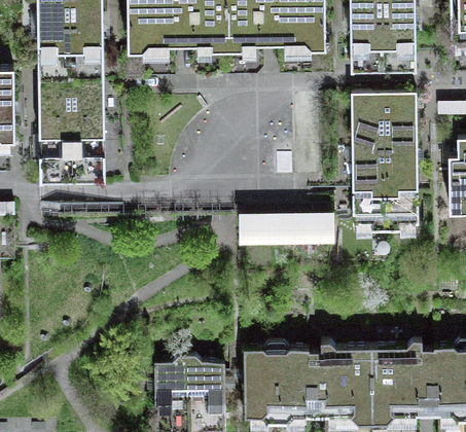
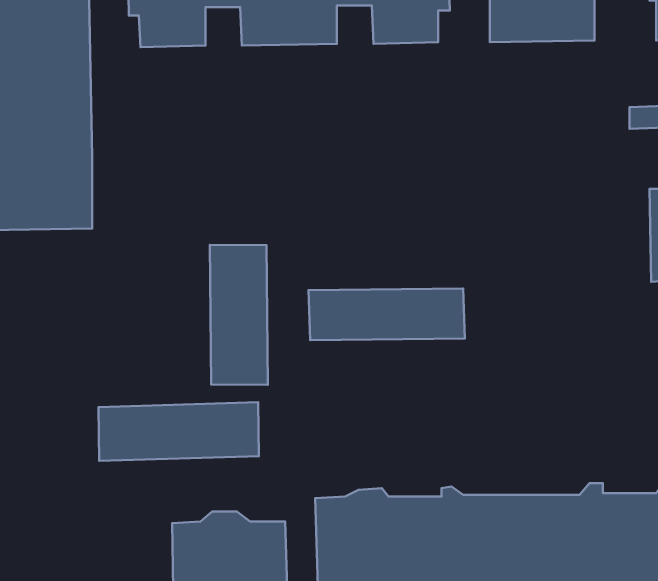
building: [351,91,419,229] -> none
building: none -> [210,245,268,385]
building: none -> [99,402,259,461]

